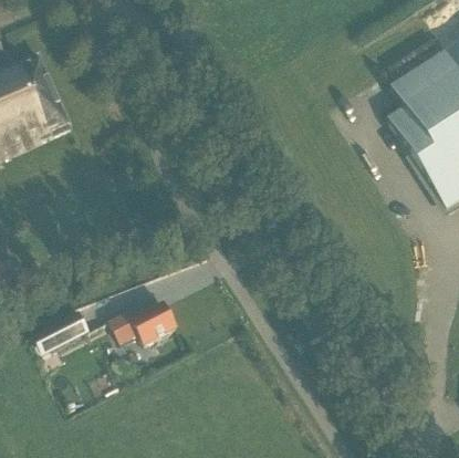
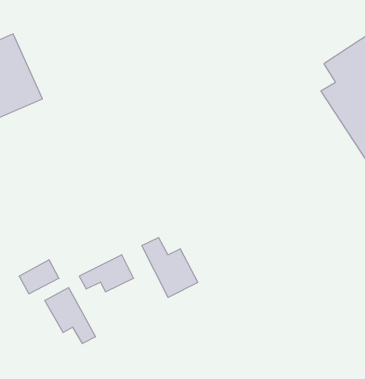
building: none -> [142,238,198,297]
building: none -> [45,288,95,344]

